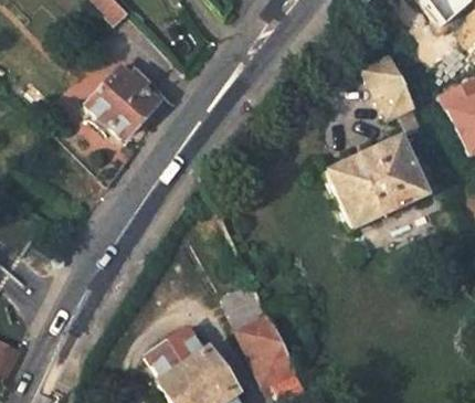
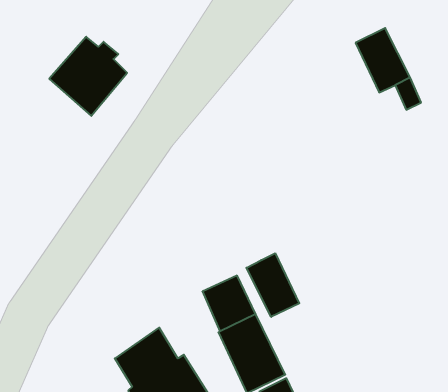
building: [323,138,423,229] -> none
building: none -> [246,253,299,317]

